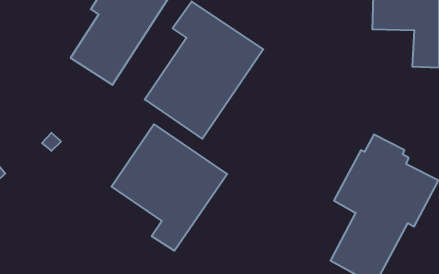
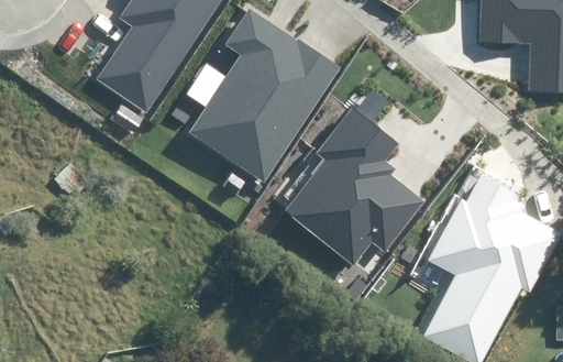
building: none -> [285,90,427,267]
building: [111,124,227,251] -> none

